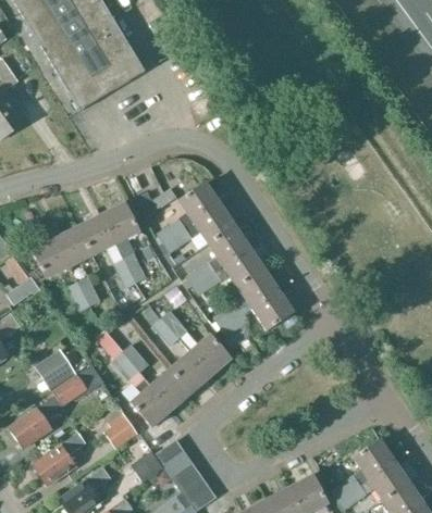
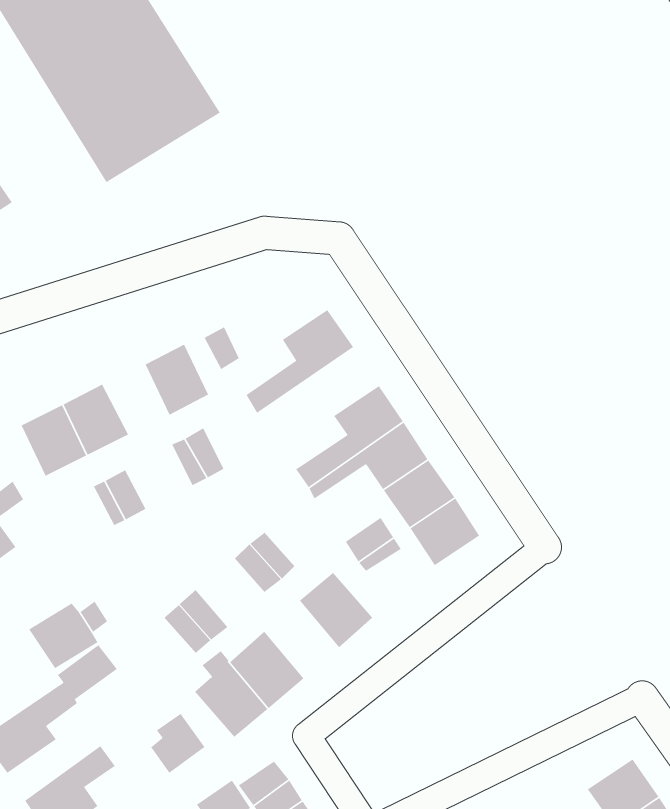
building: [165,204,235,249] -> none
building: [77,214,115,254] -> none
building: [170,349,212,393] -> none

